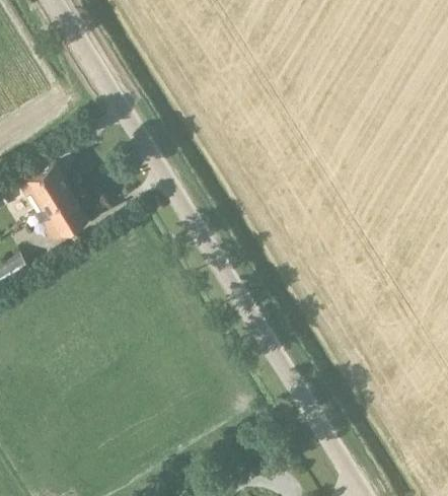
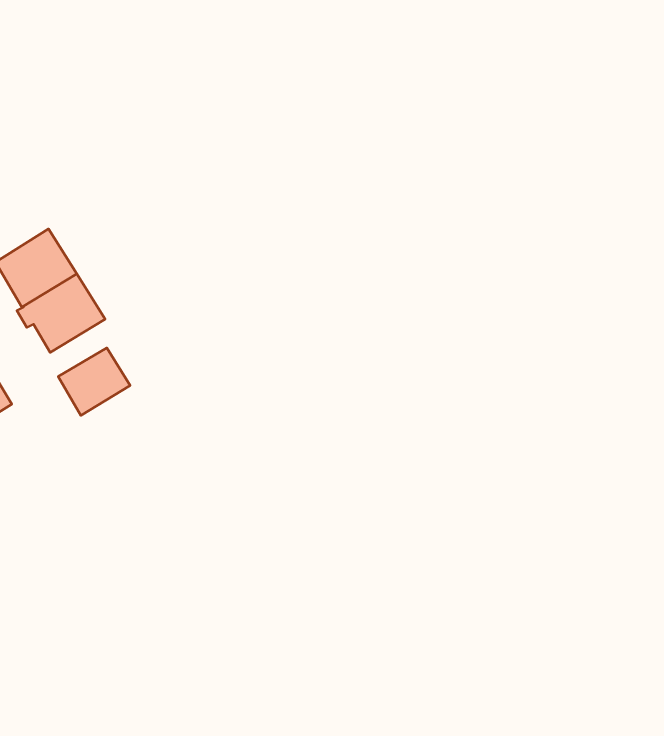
building: none -> [58,348,130,415]

